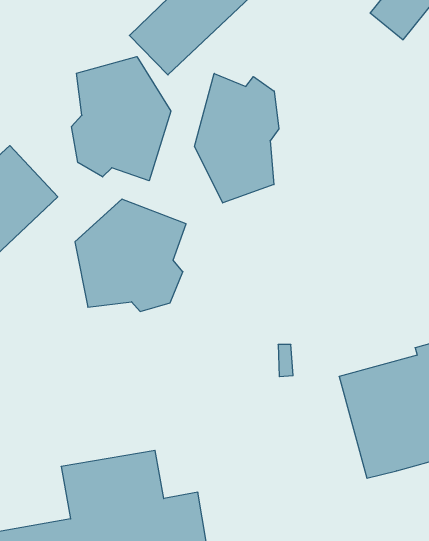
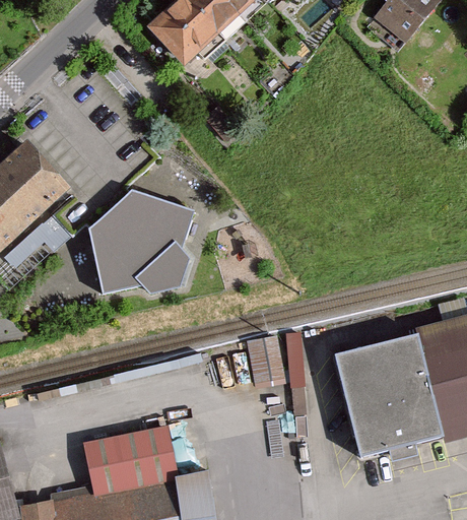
building: [72,57,171,181] -> none
building: [195,73,279,203] -> none

